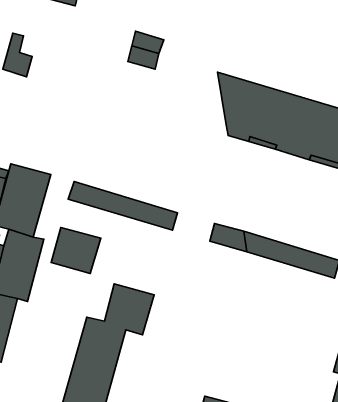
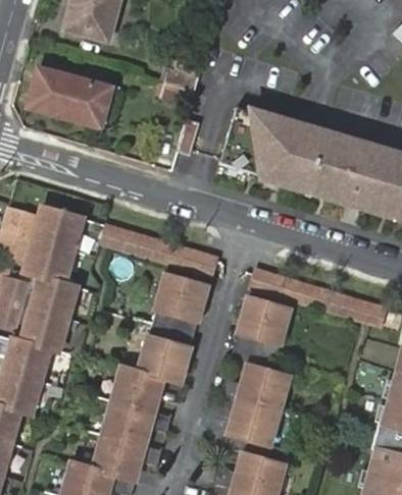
building: none -> [50,74,108,129]
building: [51,227,101,273] -> [155,275,207,323]
building: none -> [237,297,289,346]
building: none -> [228,367,288,444]

